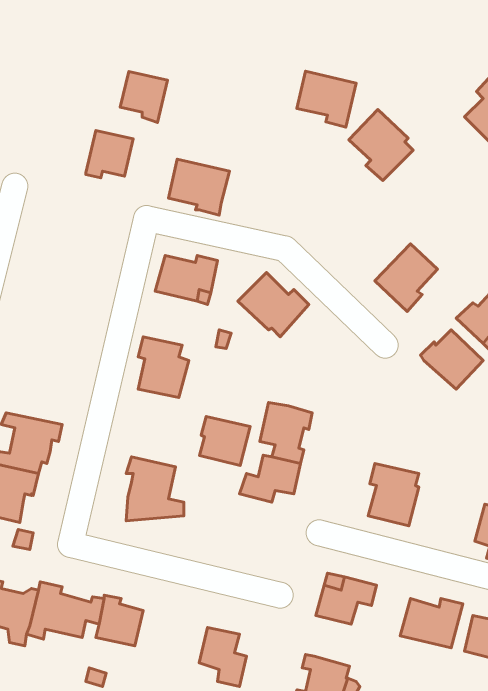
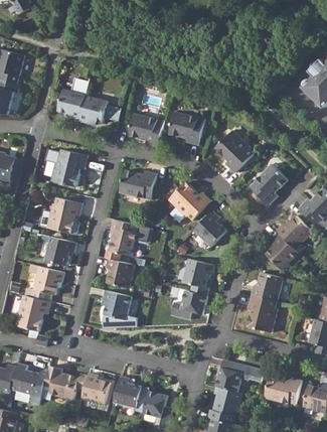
building: [297,71,356,127] -> [168,111,203,144]
building: [120,72,168,122] -> [55,91,84,121]
building: [349,110,413,181] -> [214,129,253,171]
building: none -> [49,150,86,185]
building: none -> [45,196,80,232]
building: none -> [193,209,226,246]
building: none -> [267,233,299,268]
building: none -> [43,236,75,263]
building: [199,416,250,465] -> [104,259,134,288]
building: none -> [250,272,282,300]
building: none -> [115,375,145,407]
building: none -> [212,385,241,415]

